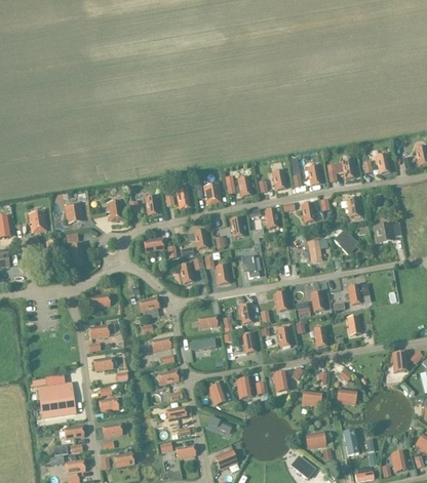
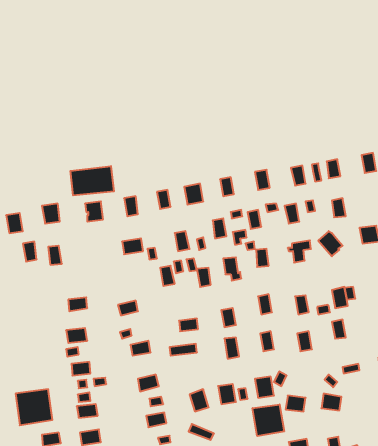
building: none -> [70,166,114,195]
building: none -> [253,404,284,436]

